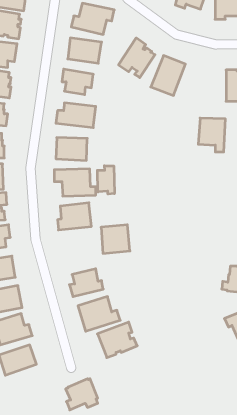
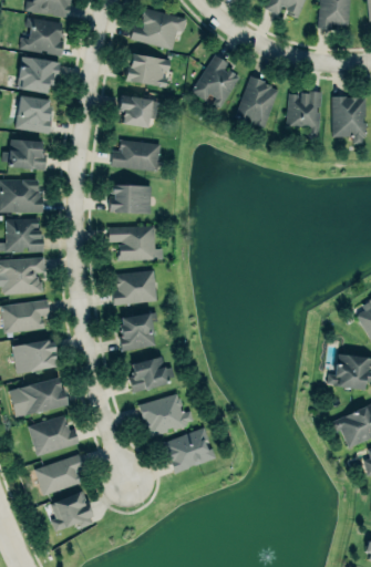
building: [198,118,225,152] -> [286,93,321,137]
building: [97,166,114,194] -> none
building: [101,225,130,253] -> [118,313,156,351]
building: [66,379,98,410] -> [50,491,92,532]

